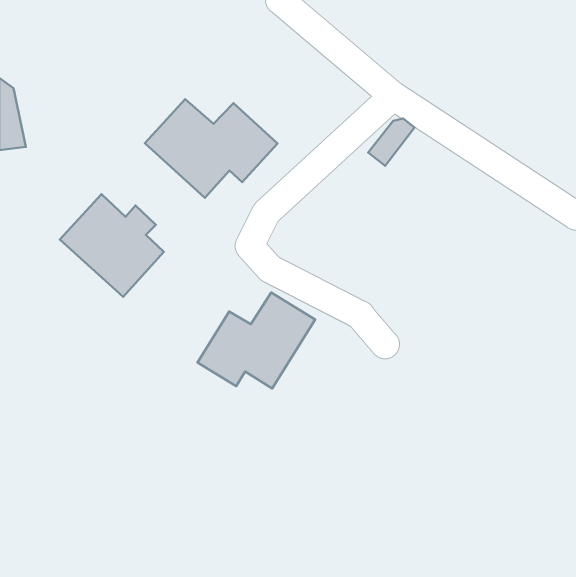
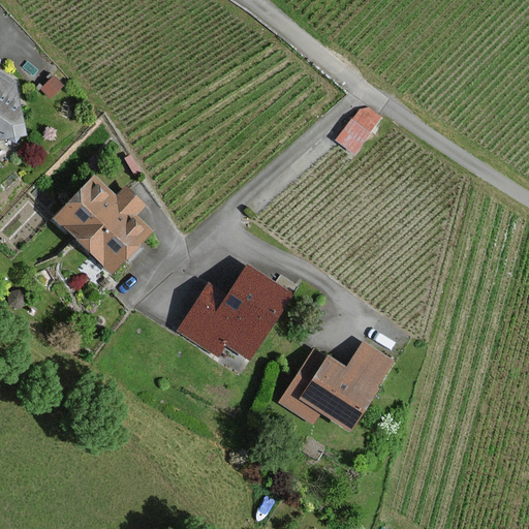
building: [145,99,278,198] -> none
building: none -> [282,343,393,429]

